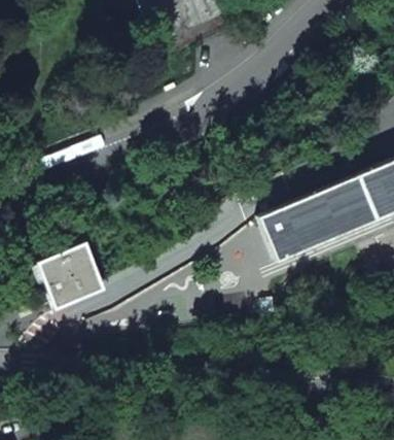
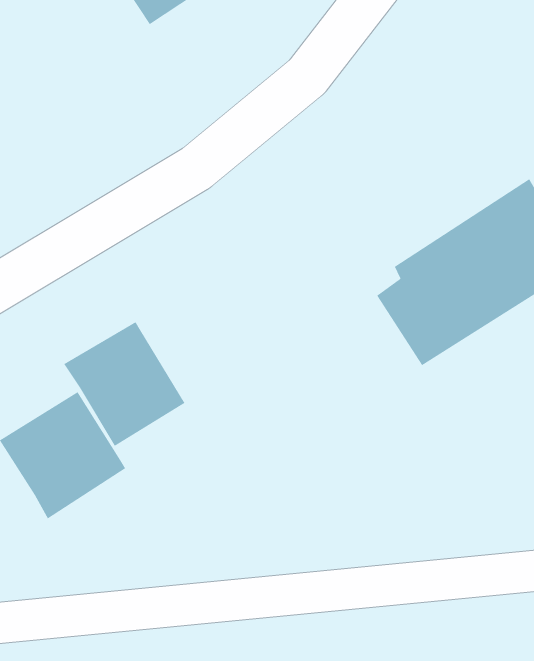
building: none -> [63,321,186,447]

